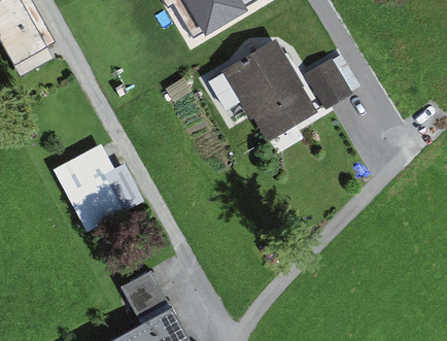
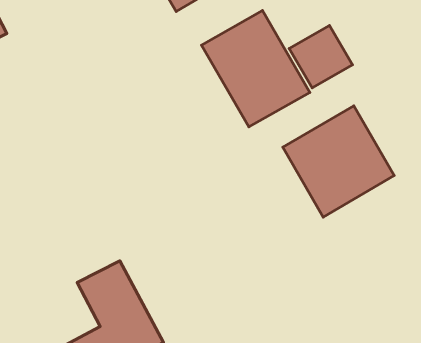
building: none -> [283,106,394,217]
building: [54,143,134,231] -> none

